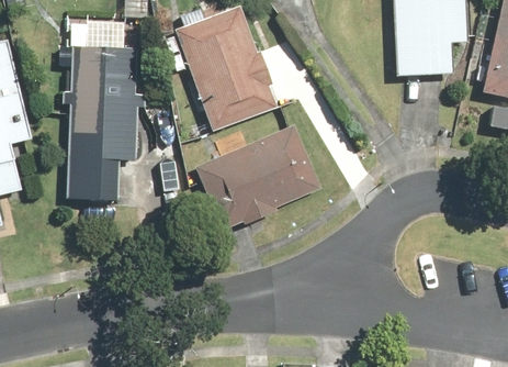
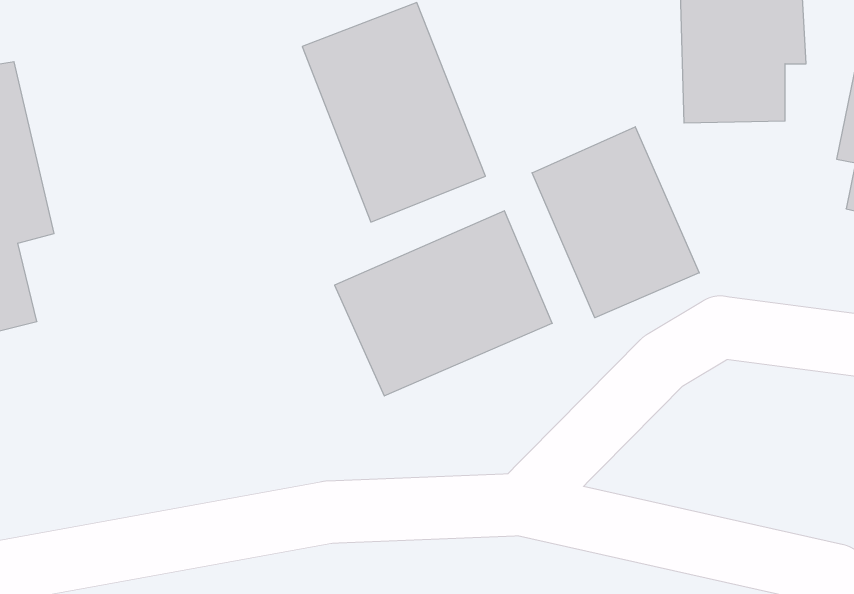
building: [63,19,138,208] -> none
building: none -> [532,127,699,318]

